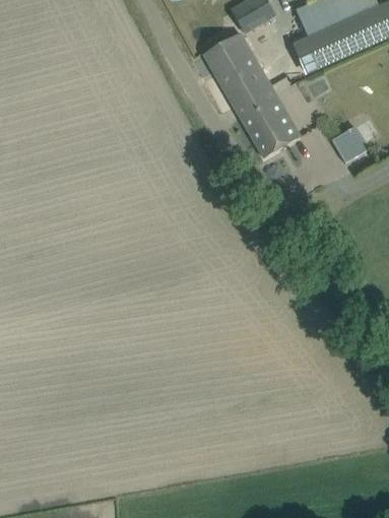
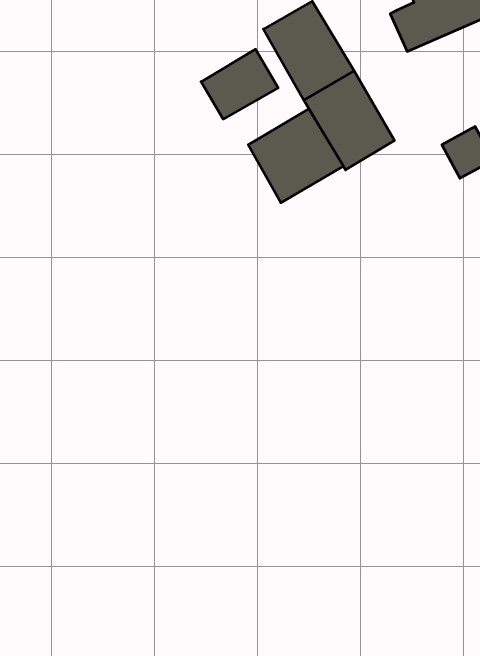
building: none -> [201,49,278,119]
building: none -> [248,109,343,203]

